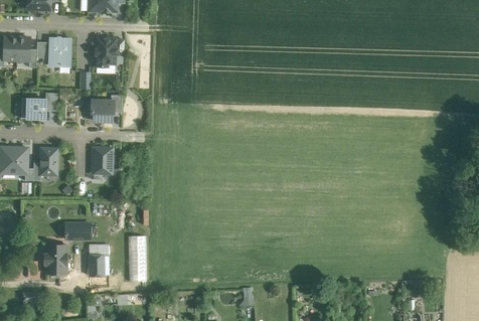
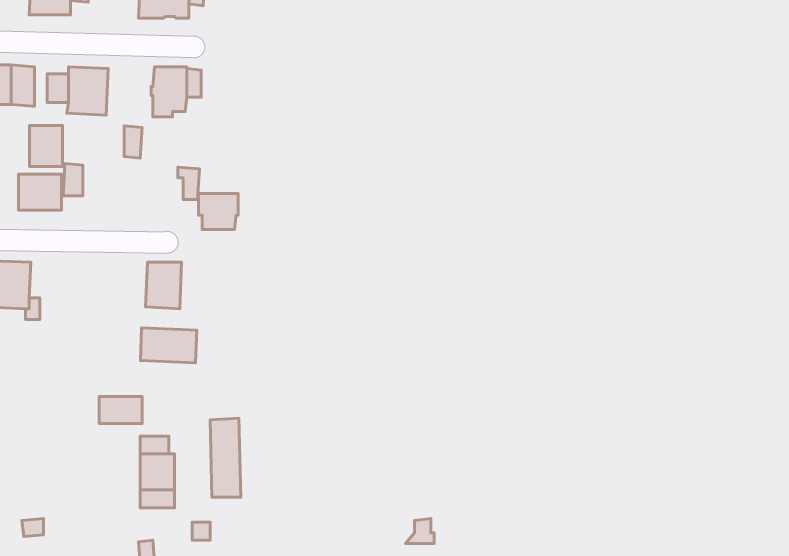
building: none -> [29,125,62,166]
building: [91,101,113,121] -> [199,194,238,229]
building: [39,148,56,175] -> none
building: none -> [140,328,197,363]
building: [43,245,65,273] -> none

